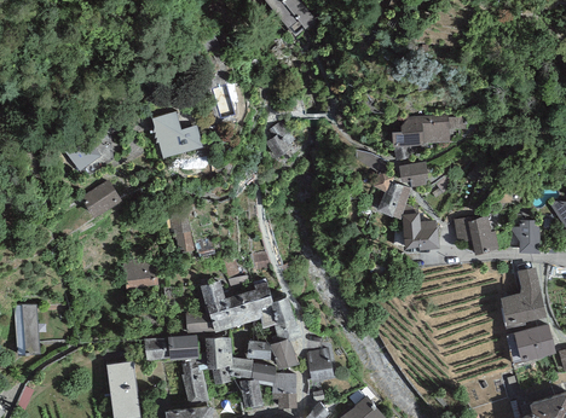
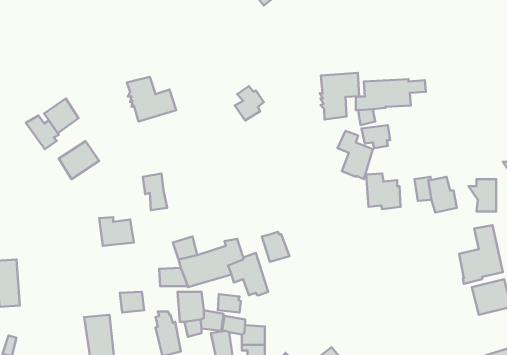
building: none -> [320,73,359,119]
building: none -> [26,115,59,149]
building: [167,335,198,359] -> none
building: [270,338,299,370] -> [262,232,289,262]
building: [306,347,334,381] -> none

